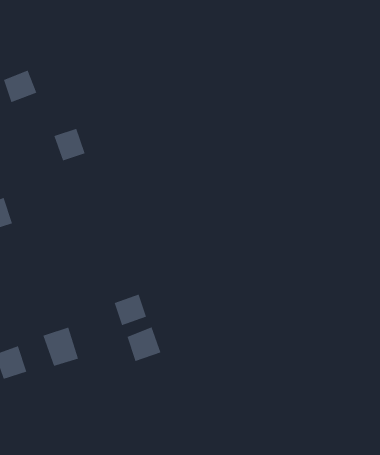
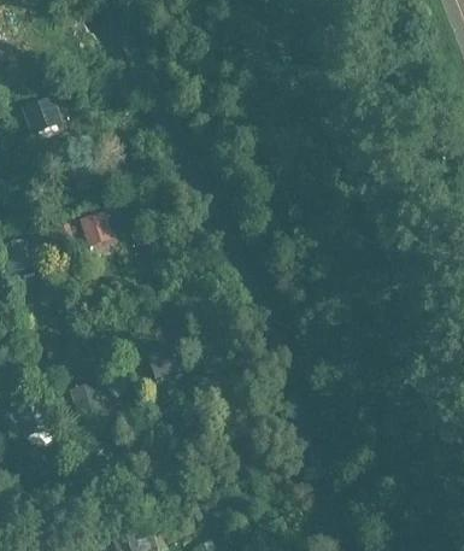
building: [54,128,85,161] -> [80,211,114,247]
building: [127,327,161,362] -> none

